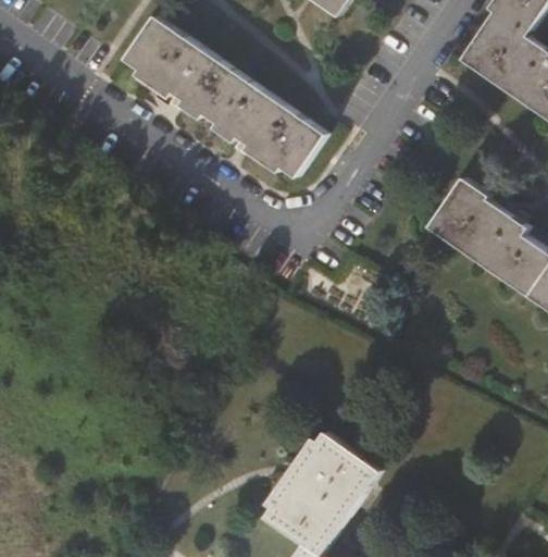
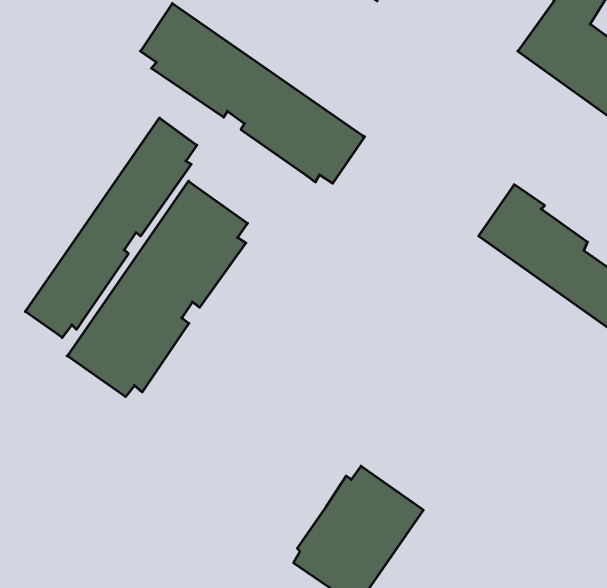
building: none -> [25,118,197,338]
building: none -> [67,181,248,397]

